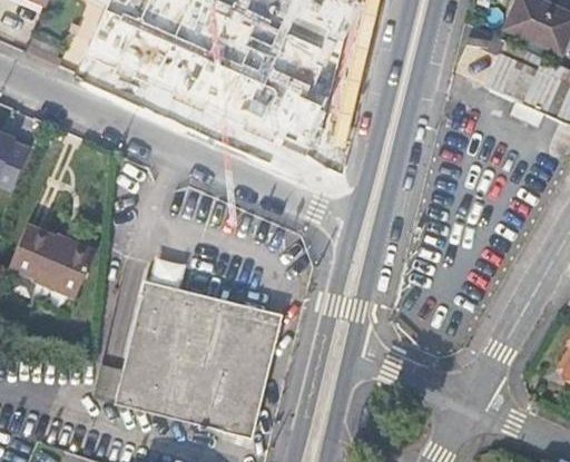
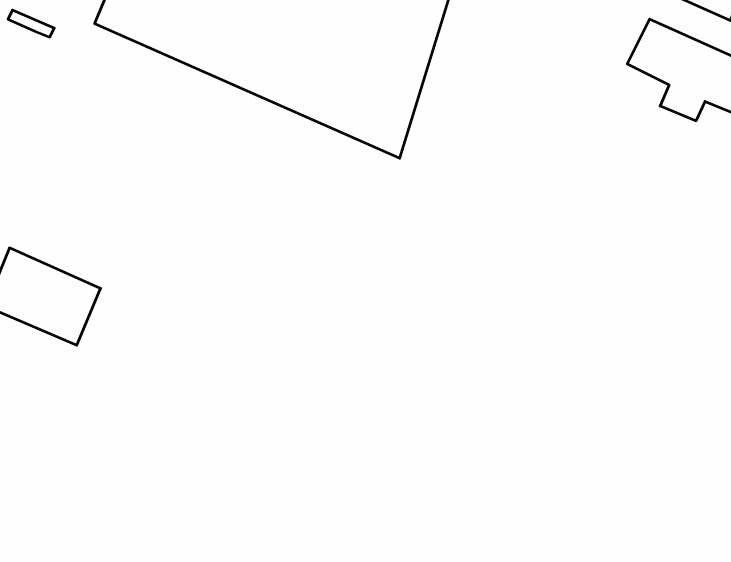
building: [116,288,268,434] -> none

